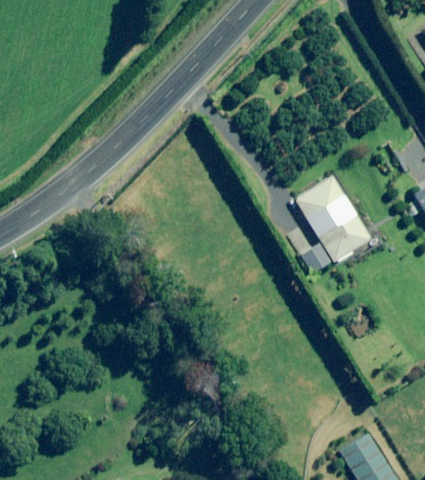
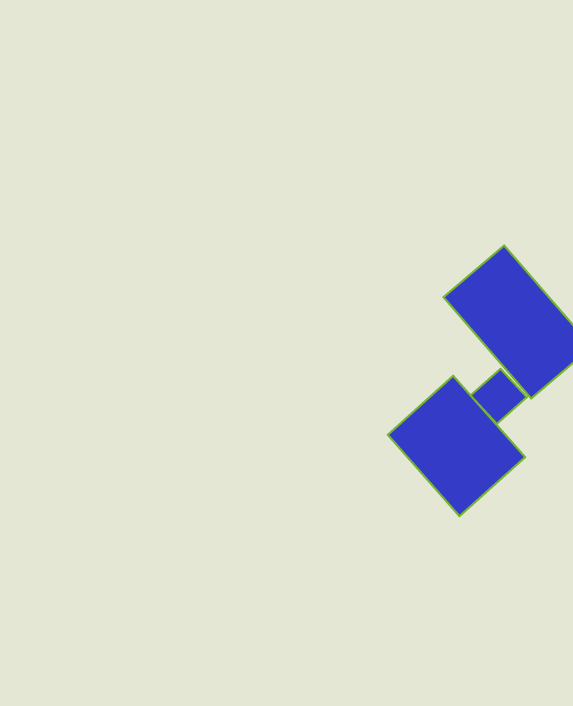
building: none -> [388,376,525,516]

